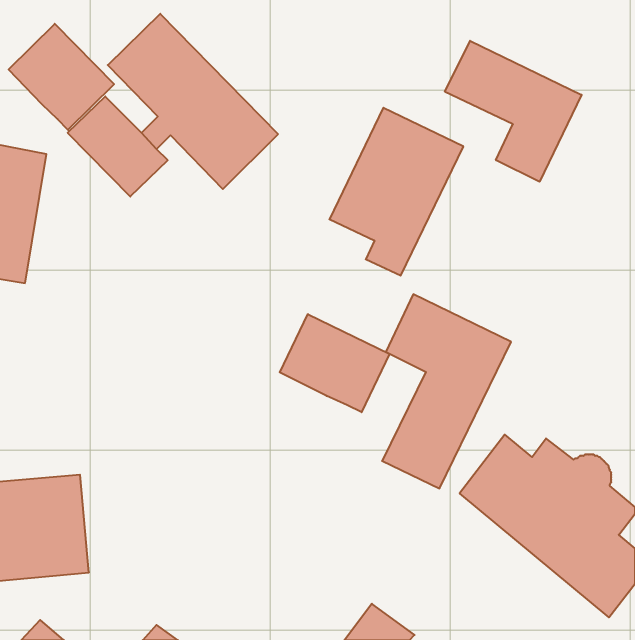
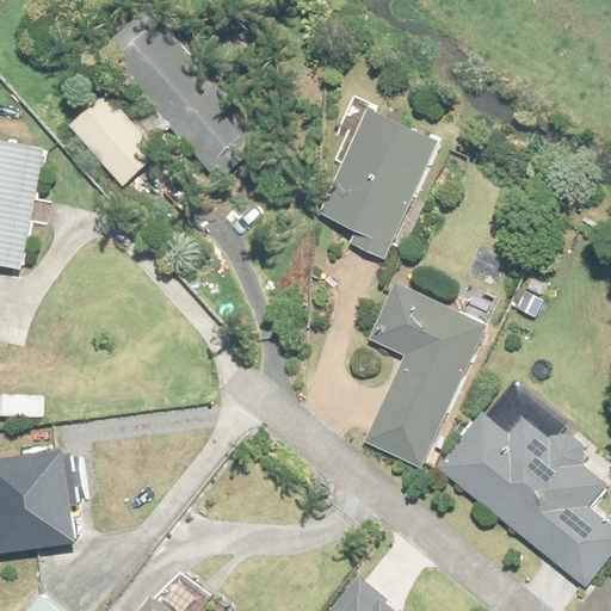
building: [9,24,114,130] -> none
building: [445,41,582,182] -> none
building: [280,314,390,412] -> none

